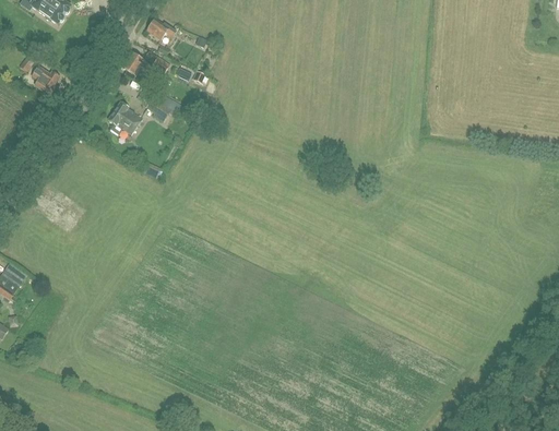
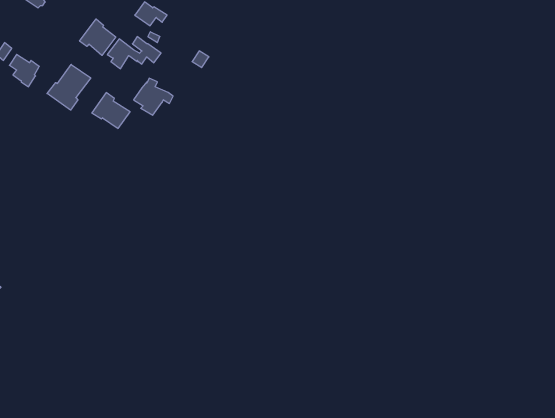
building: none -> [80,19,116,55]
building: none -> [47,64,91,110]

